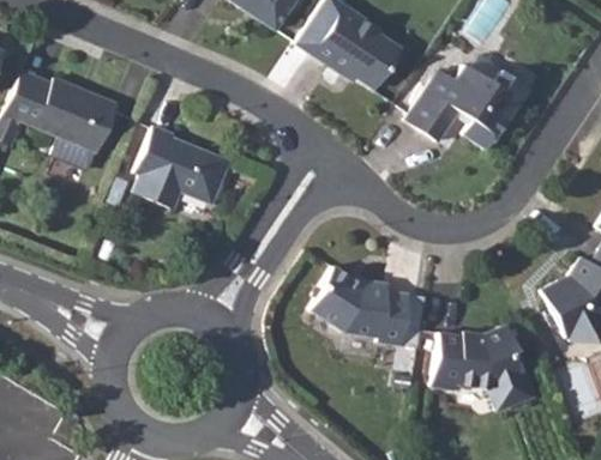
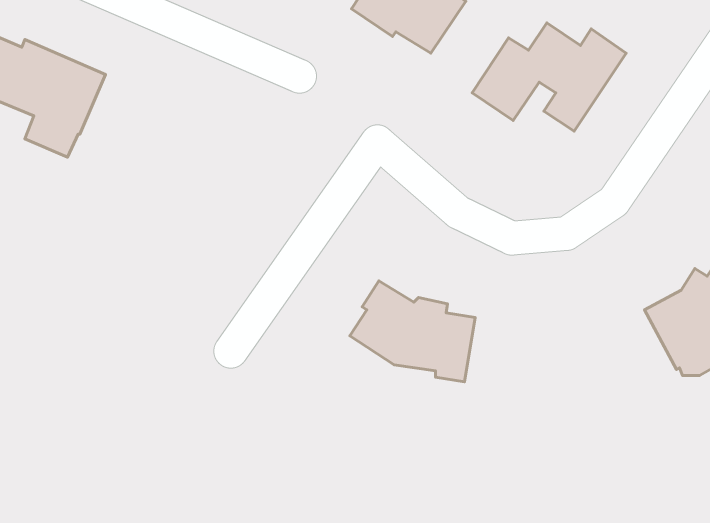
building: [134,125,232,208] -> none
building: [432,325,535,410] -> none

